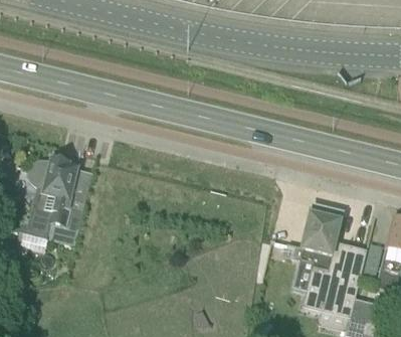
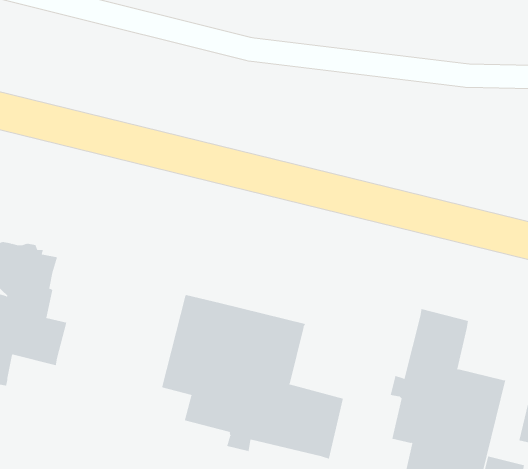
building: none -> [161,294,343,459]

